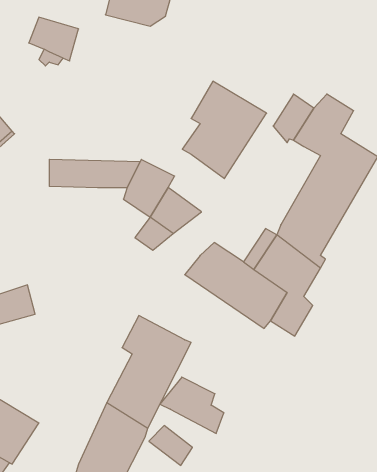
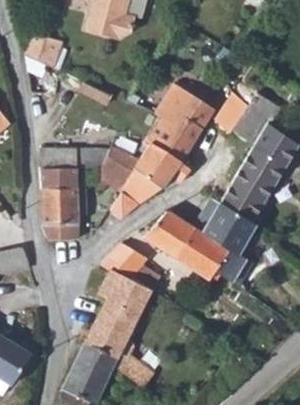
building: none -> [133,142,187,187]
building: none -> [40,167,78,222]
building: [160,377,224,433] -> [102,243,153,287]

